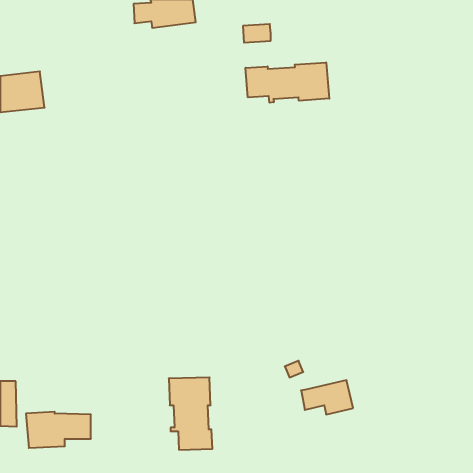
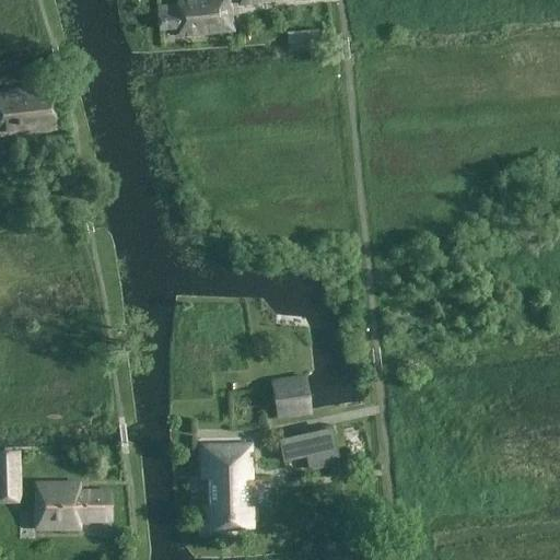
building: [246,62,329,103] -> none
building: none -> [269,375,311,418]
building: [301,380,353,414] -> [278,427,339,467]

